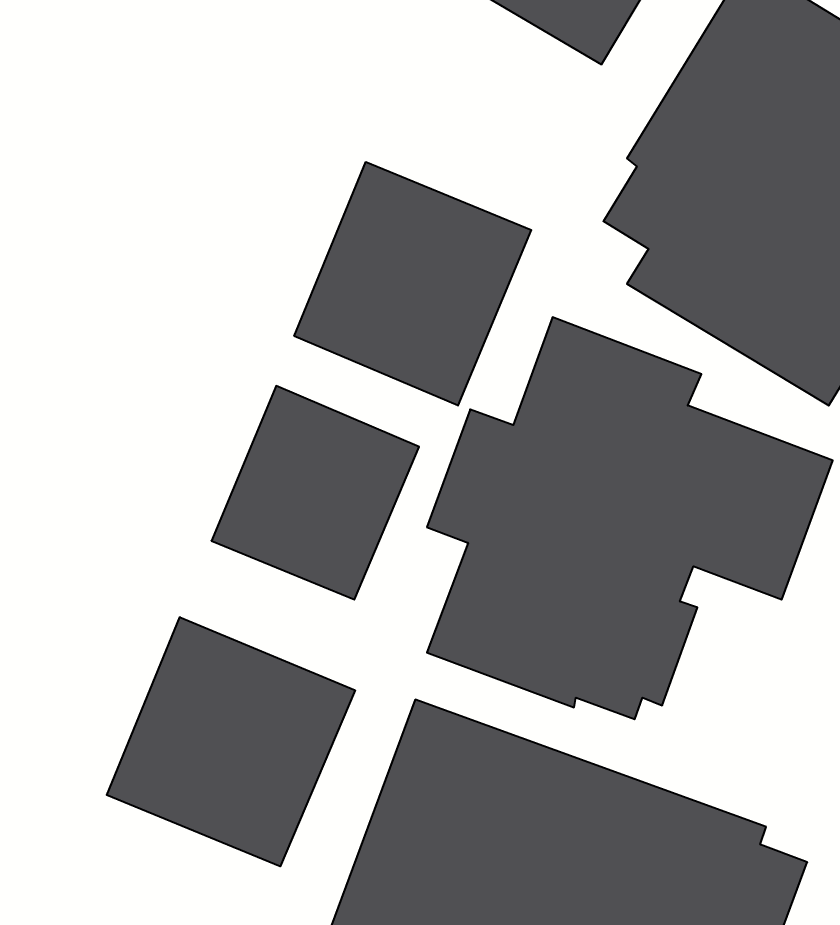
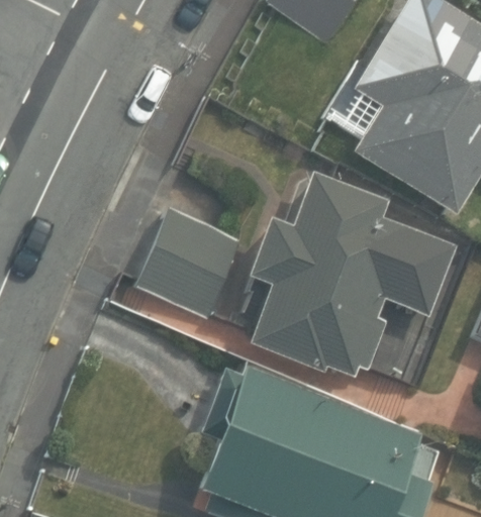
building: [294,162,531,406] -> none
building: [107,617,355,866] -> none

